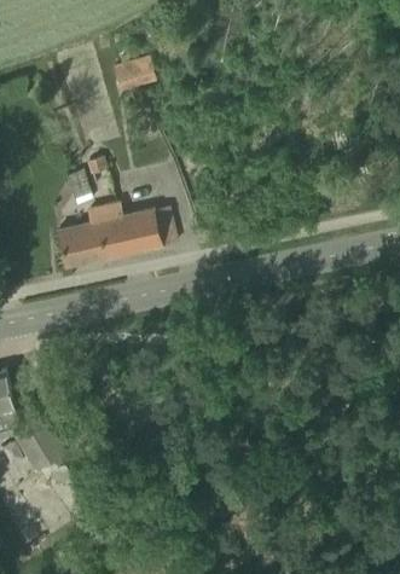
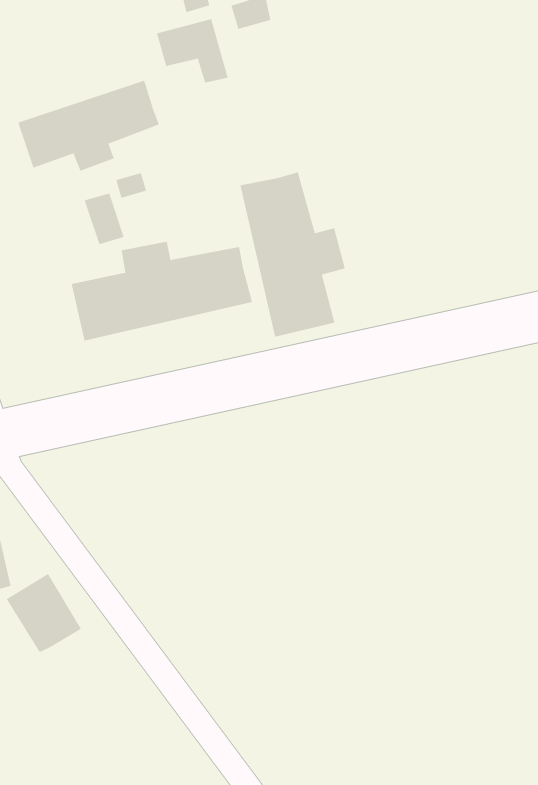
building: none -> [18,80,160,171]
building: none -> [240,172,345,337]

